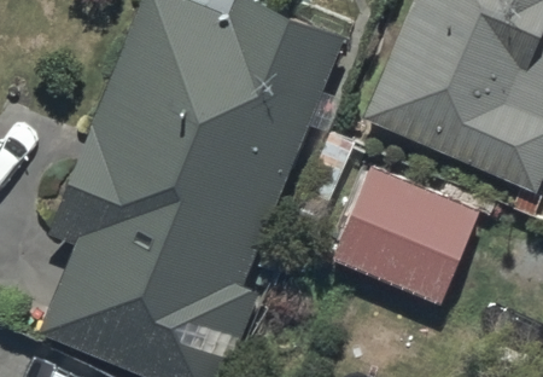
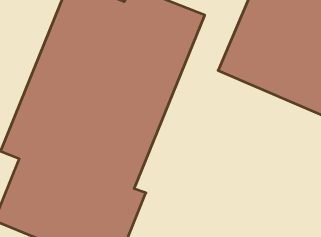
building: [333,168,478,303] -> none

